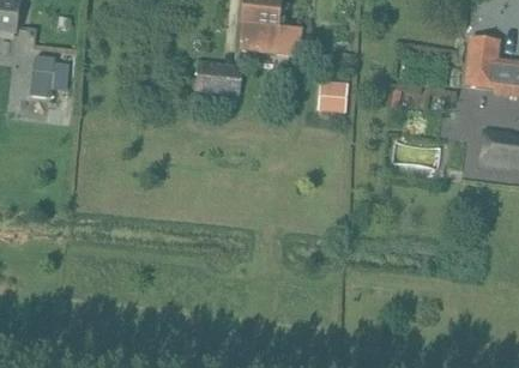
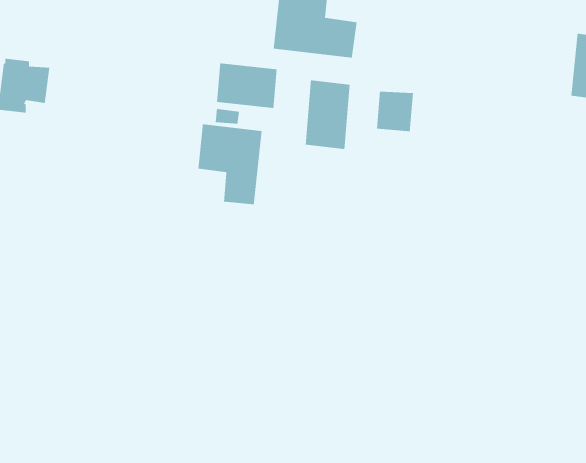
building: none -> [305,80,350,150]
building: none -> [198,124,262,205]

